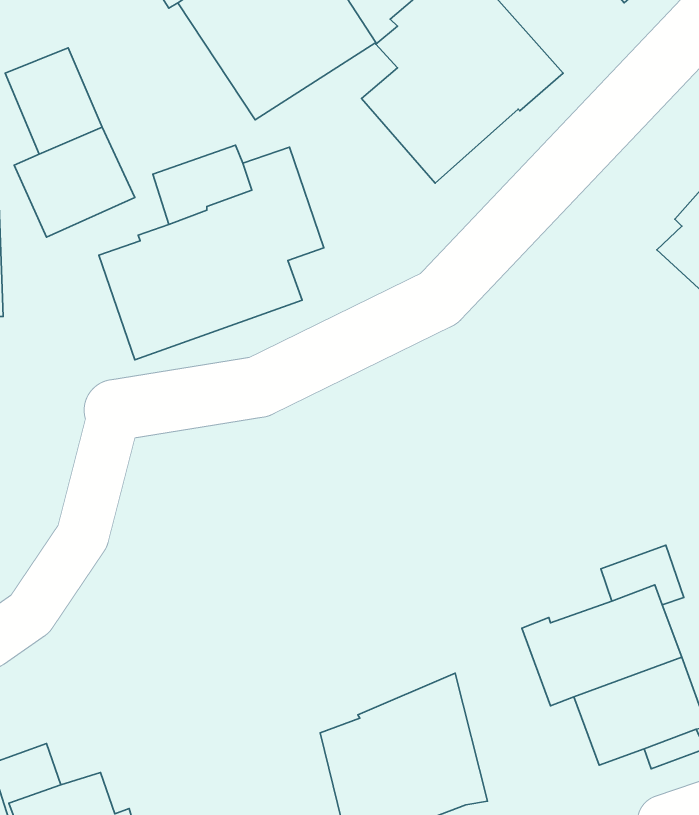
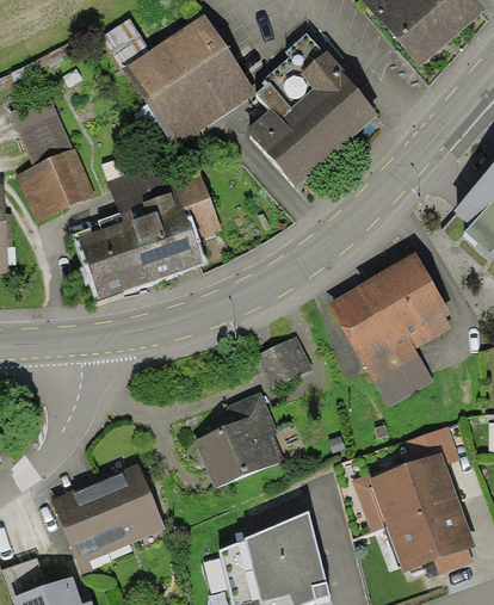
building: none -> [327,252,451,407]
building: none -> [257,337,311,388]
building: none -> [193,393,283,488]
building: none -> [51,463,165,566]

